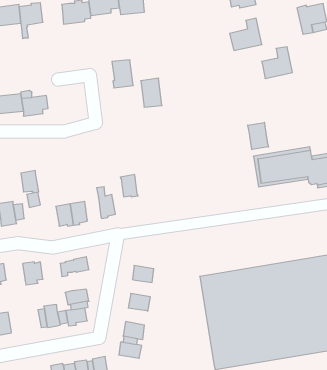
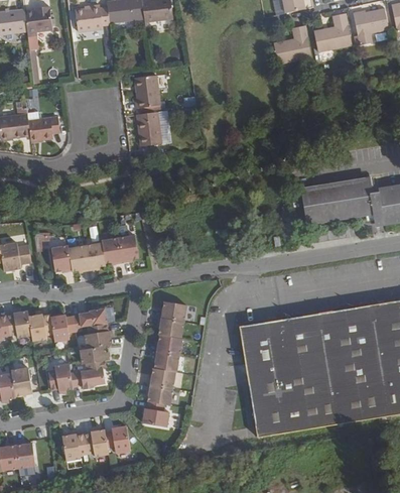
building: [262,47,292,78] -> [315,13,352,50]
building: [141,78,162,107] -> [137,111,162,145]
building: [248,122,269,150] -> none
building: [21,171,39,193] -> [51,244,73,270]
building: [120,175,138,197] -> [102,236,123,262]
building: none -> [161,300,187,321]
building: none -> [7,310,32,337]
building: none -> [51,314,76,341]
building: none -> [86,322,112,347]
building: none -> [157,334,183,354]
building: none -> [12,367,33,395]
building: none -> [151,367,176,387]

